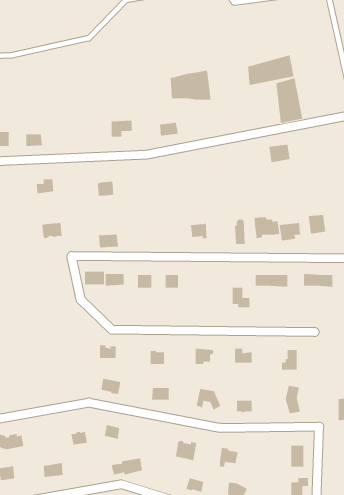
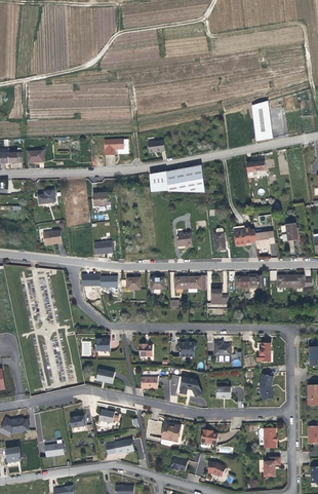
building: [248,55,294,86] -> none
building: [170,70,211,100] -> [166,164,203,191]
building: none -> [173,275,206,290]

